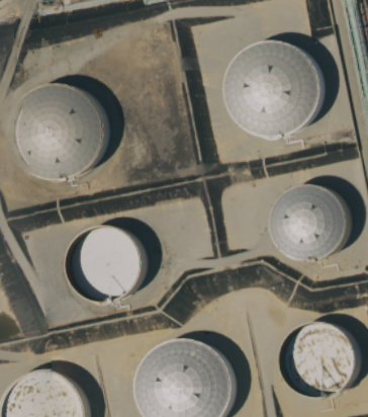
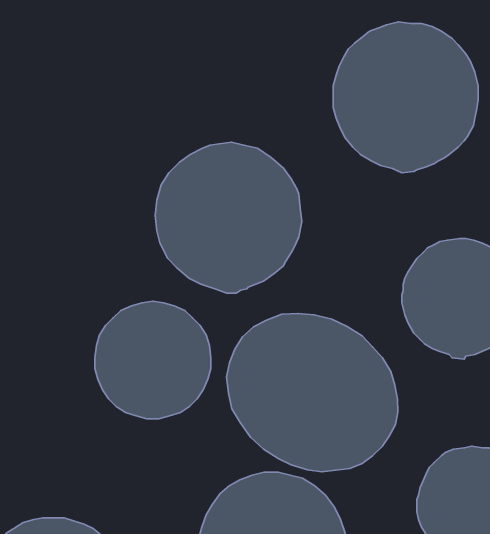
building: [11,82,108,182] -> [155,142,302,293]
building: none -> [227,313,398,472]

